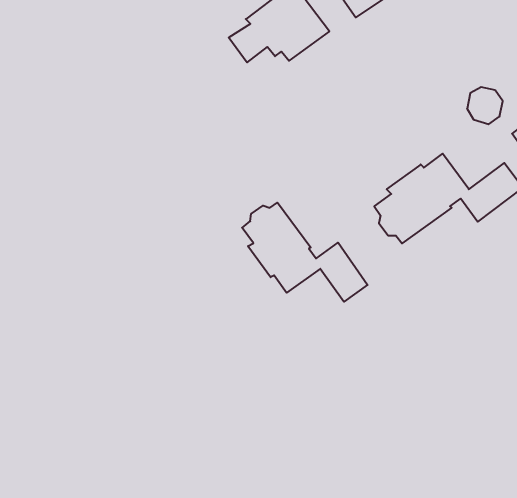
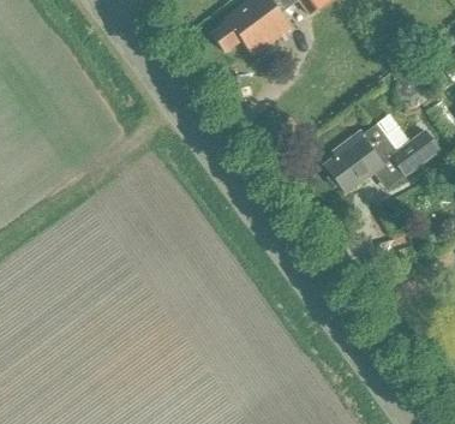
building: [242,203,368,302] -> none

